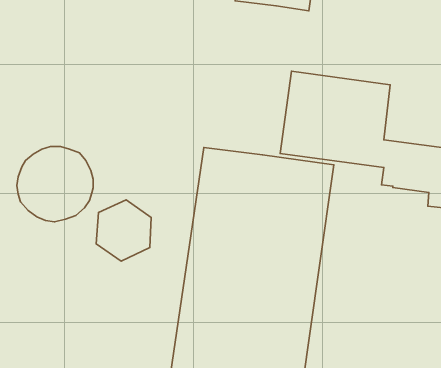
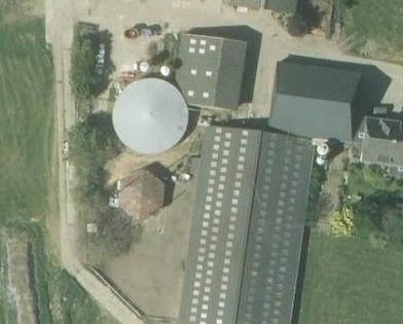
building: none -> [177,33,241,109]
building: [17,147,93,222] -> [123,86,186,148]

